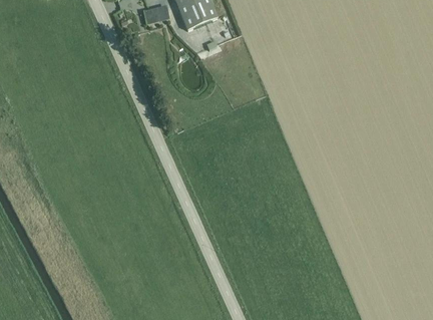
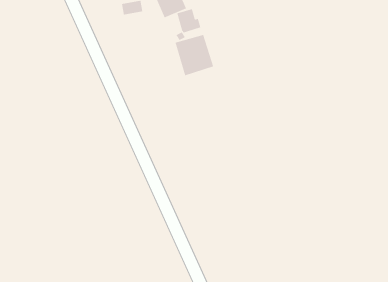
building: none -> [175,34,214,76]

